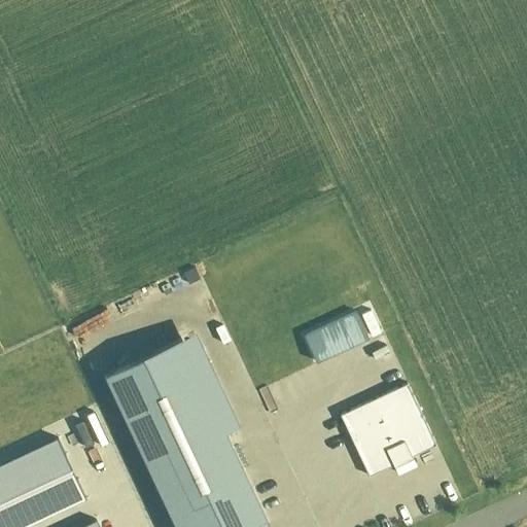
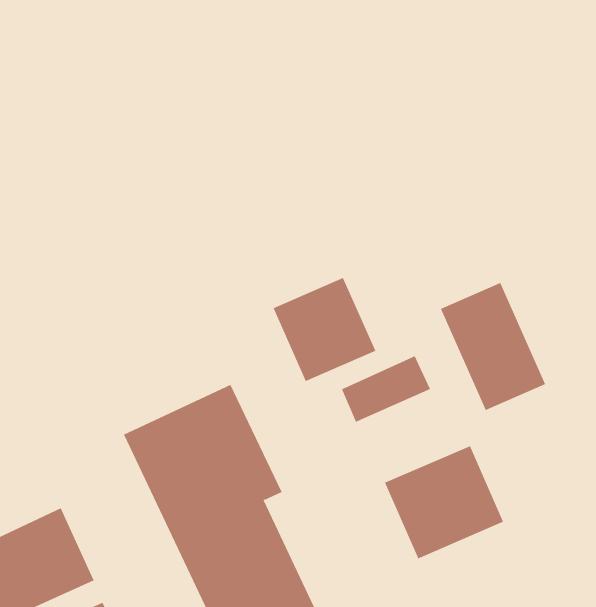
building: none -> [273,277,376,382]
building: none -> [440,282,546,411]

